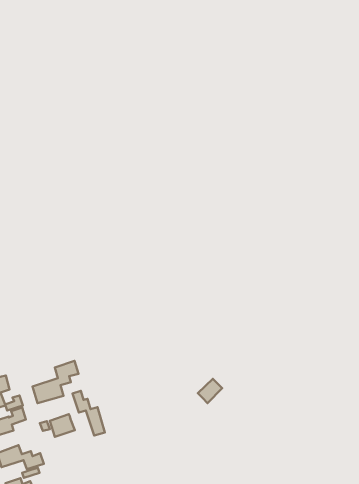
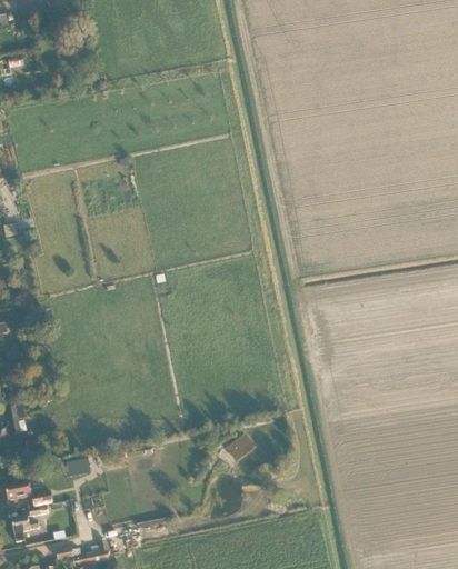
building: [33,361,79,403] -> none
building: [72,391,105,435] -> none

